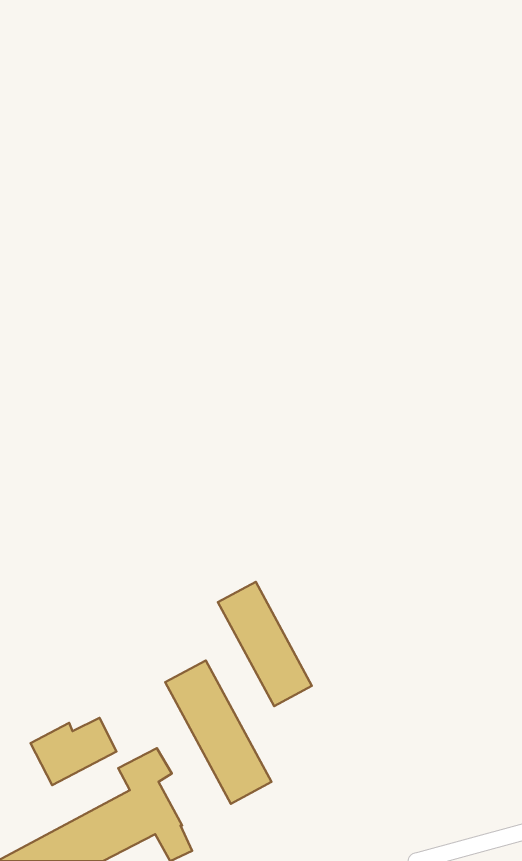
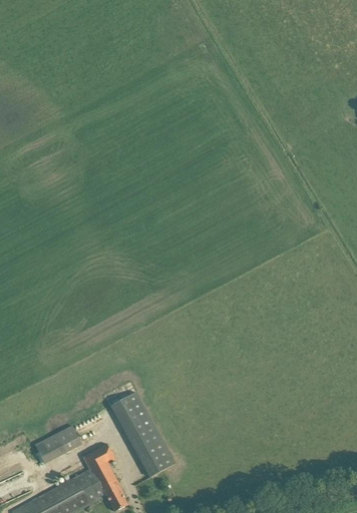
building: [218,582,312,706] -> none

